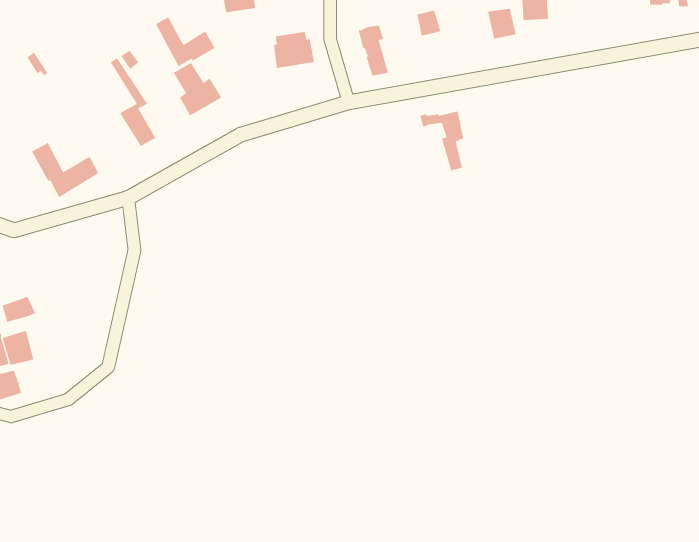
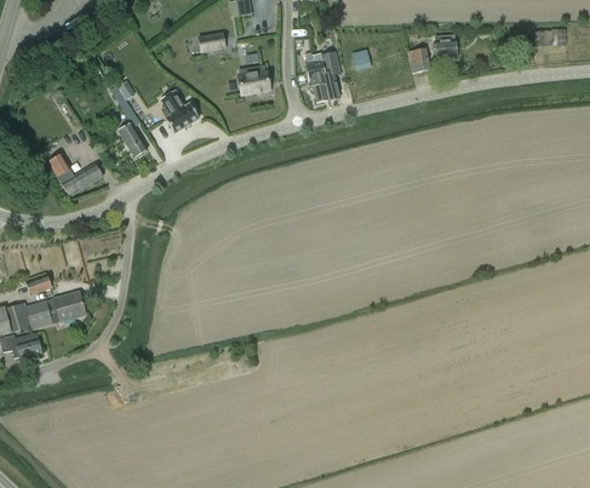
building: [155,16,216,67] -> none
building: [420,111,464,171] -> [305,51,340,98]
building: none -> [45,291,85,323]

